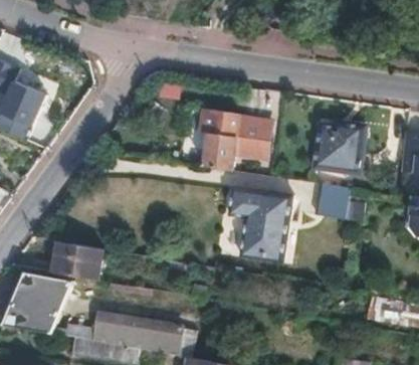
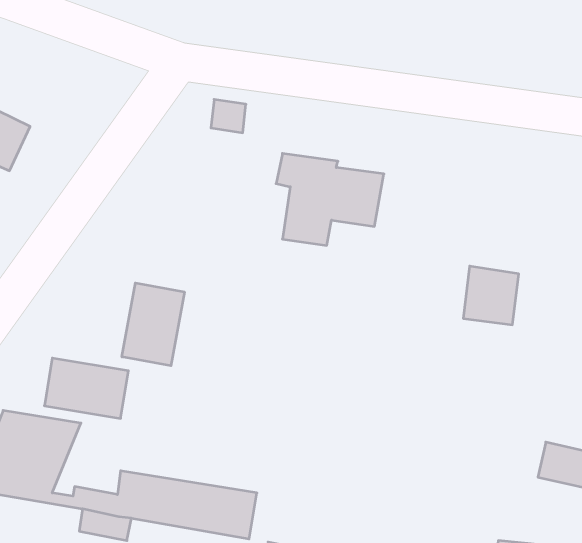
building: [312,125,363,173] -> none
building: [226,184,289,263] -> none
building: none -> [122,283,184,366]

